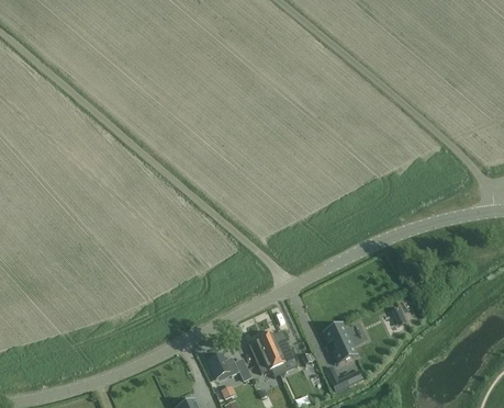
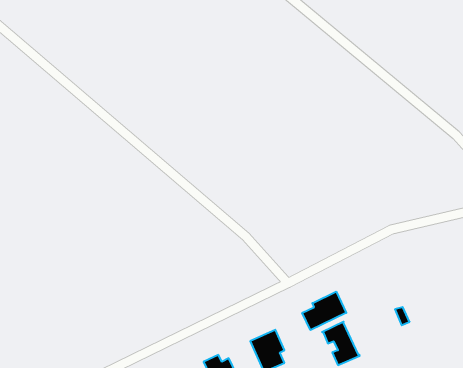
building: none -> [302,292,346,330]

